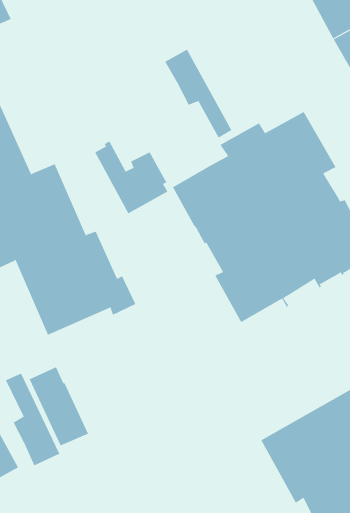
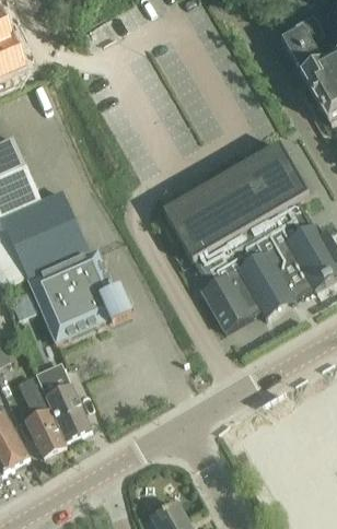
building: [164,49,232,138] -> none
building: [94,140,168,214] -> none

